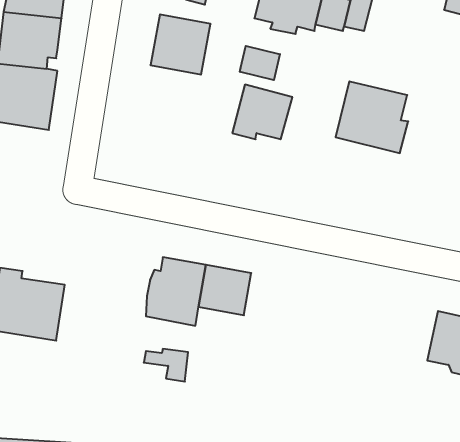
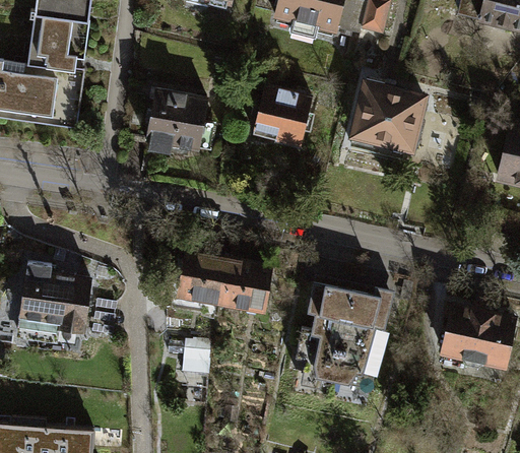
building: [150,14,211,75] -> [148,90,206,148]
building: [240,46,280,80] -> none
building: none -> [295,276,394,389]

